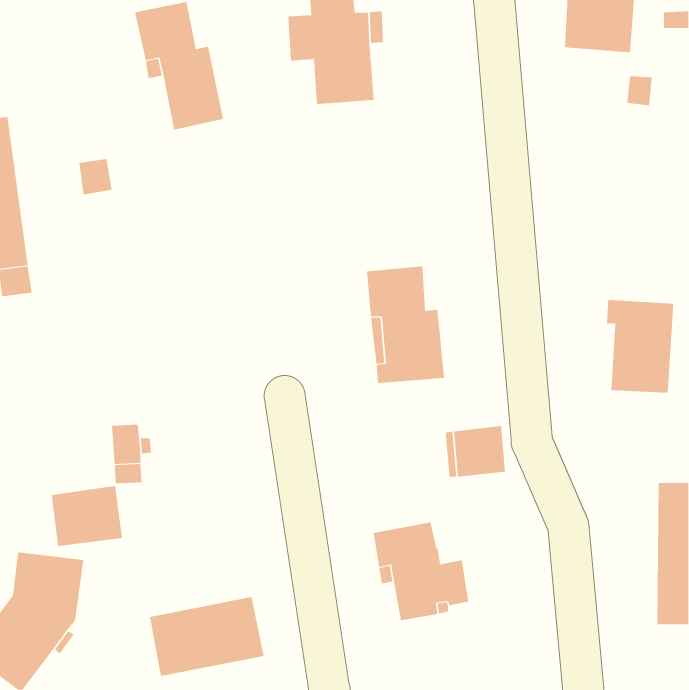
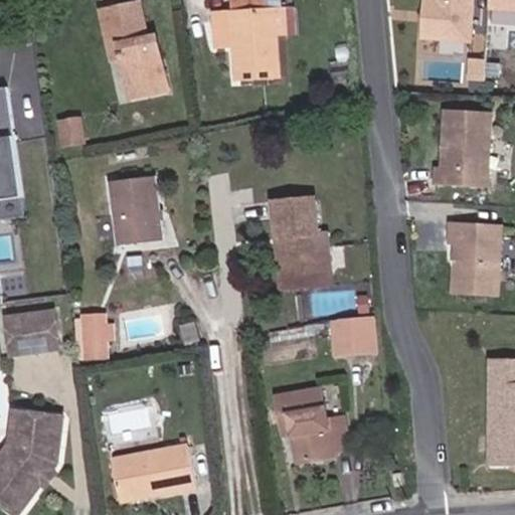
building: none -> [434,108,491,186]
building: none -> [111,178,160,241]
building: [51,485,123,546] -> [5,309,58,354]

